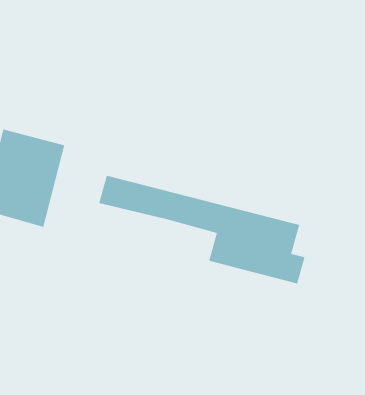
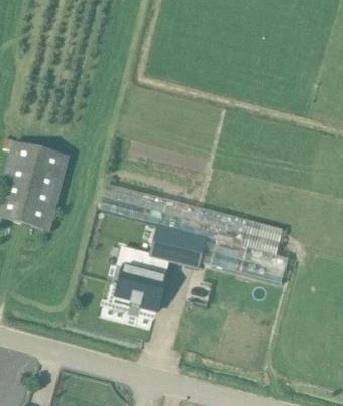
building: none -> [116,223,207,310]

